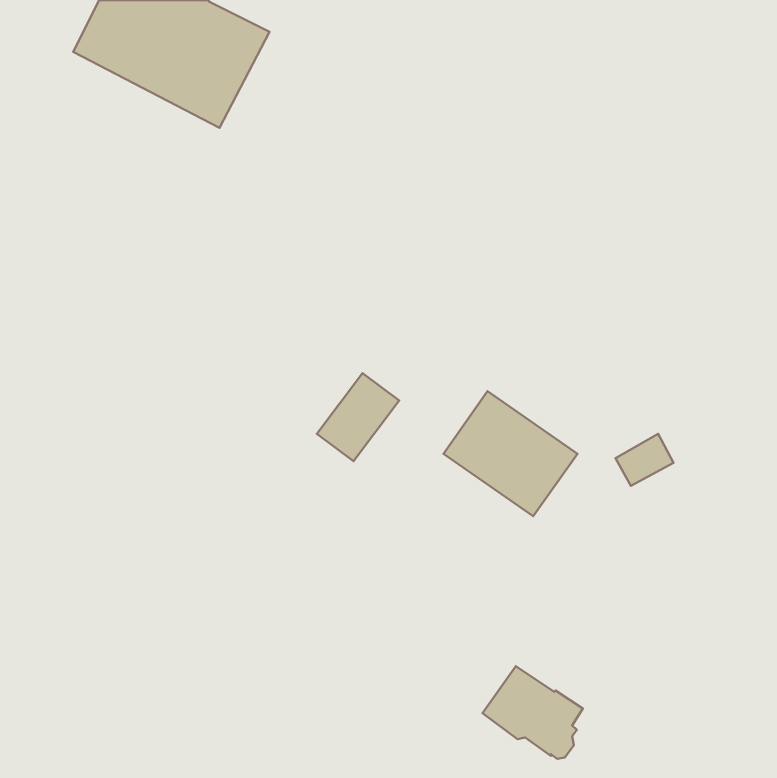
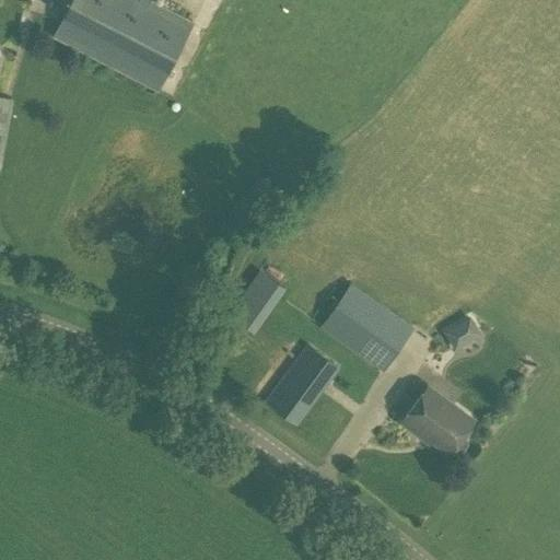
building: none -> [266,343,340,423]
building: [482,666,583,759] -> [402,387,475,454]

